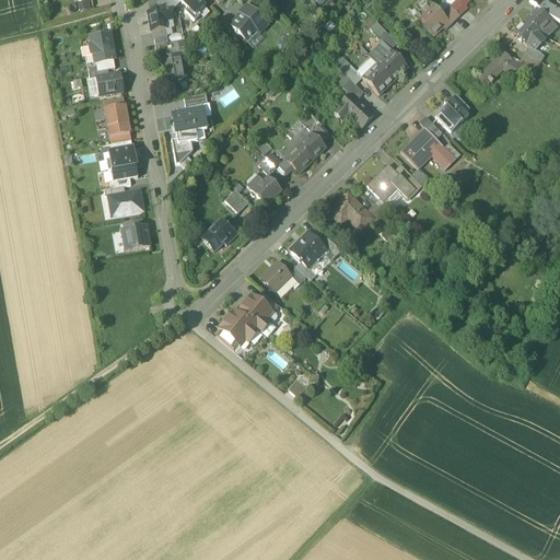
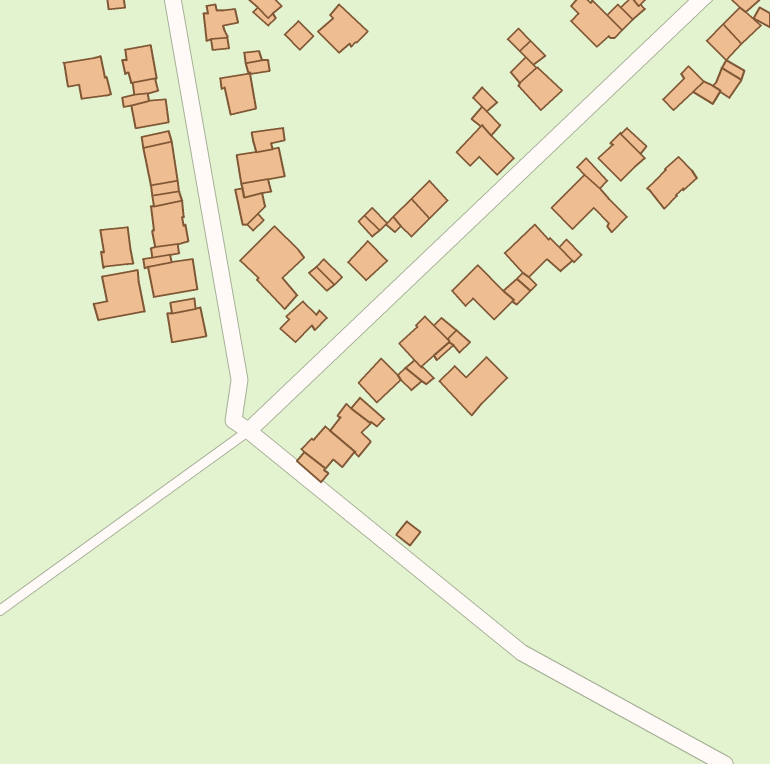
building: none -> [63,56,111,99]
building: [362,62,393,94] -> none
building: none -> [647,157,697,209]
building: none -> [240,226,304,309]
building: none -> [100,227,133,268]
building: none -> [94,270,145,320]
building: none -> [439,357,507,415]

